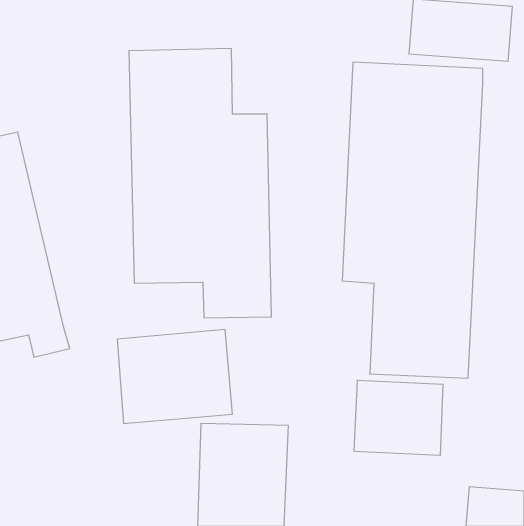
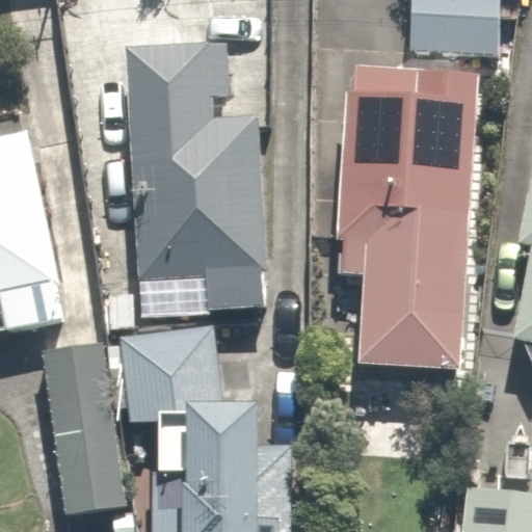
building: none -> [31,346,128,513]
building: [354,380,443,456] -> none

